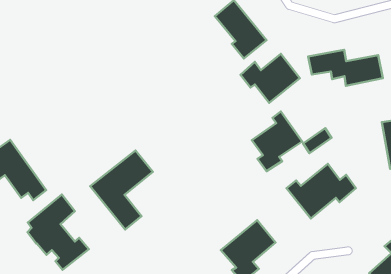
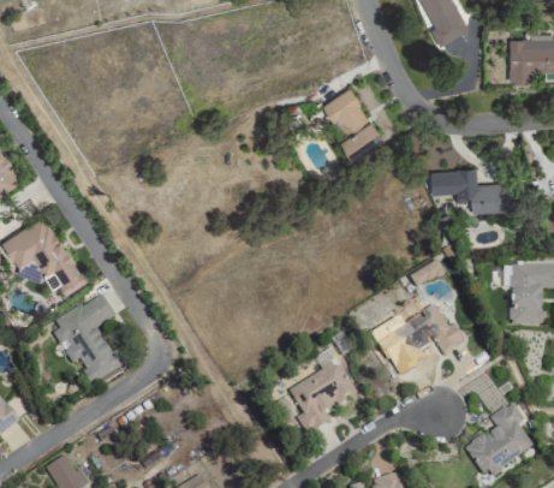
building: [241,54,300,103] -> none
building: [252,112,302,171] -> none
building: [90,151,153,230] -> none

